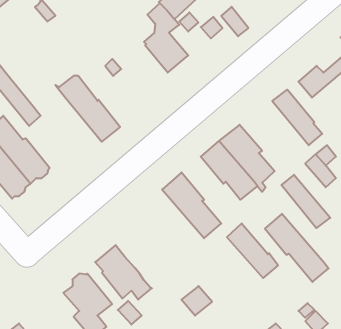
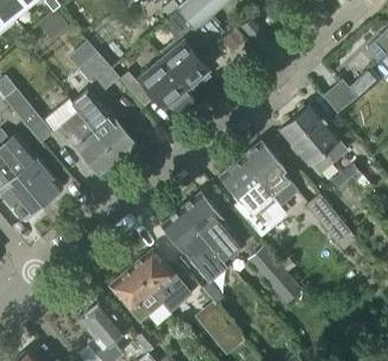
building: none -> [77,50,119,94]
building: none -> [139,58,186,106]
building: none -> [43,100,117,174]
building: none -> [280,117,333,175]
building: [265,214,329,282] -> [162,210,229,281]
building: none -> [131,250,190,313]

